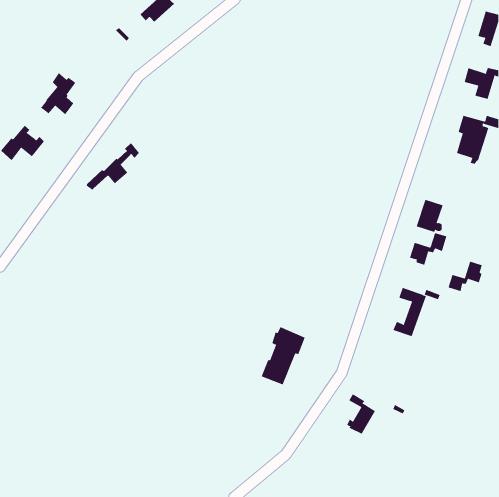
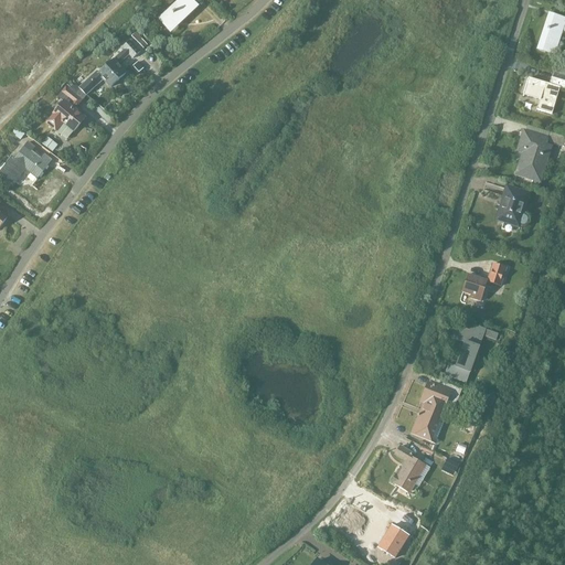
building: [85,142,140,191] -> [77,39,139,94]
building: [416,199,443,232] -> [497,186,527,224]
building: [448,261,483,292] -> none
building: [261,327,306,385] -> [411,376,461,443]
building: none -> [377,524,408,556]

